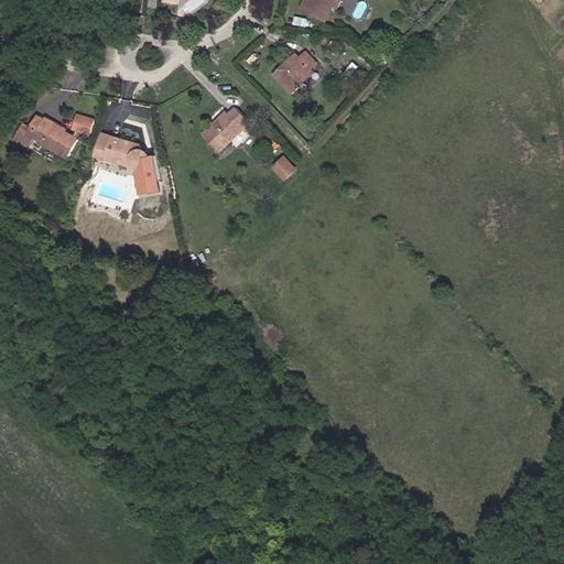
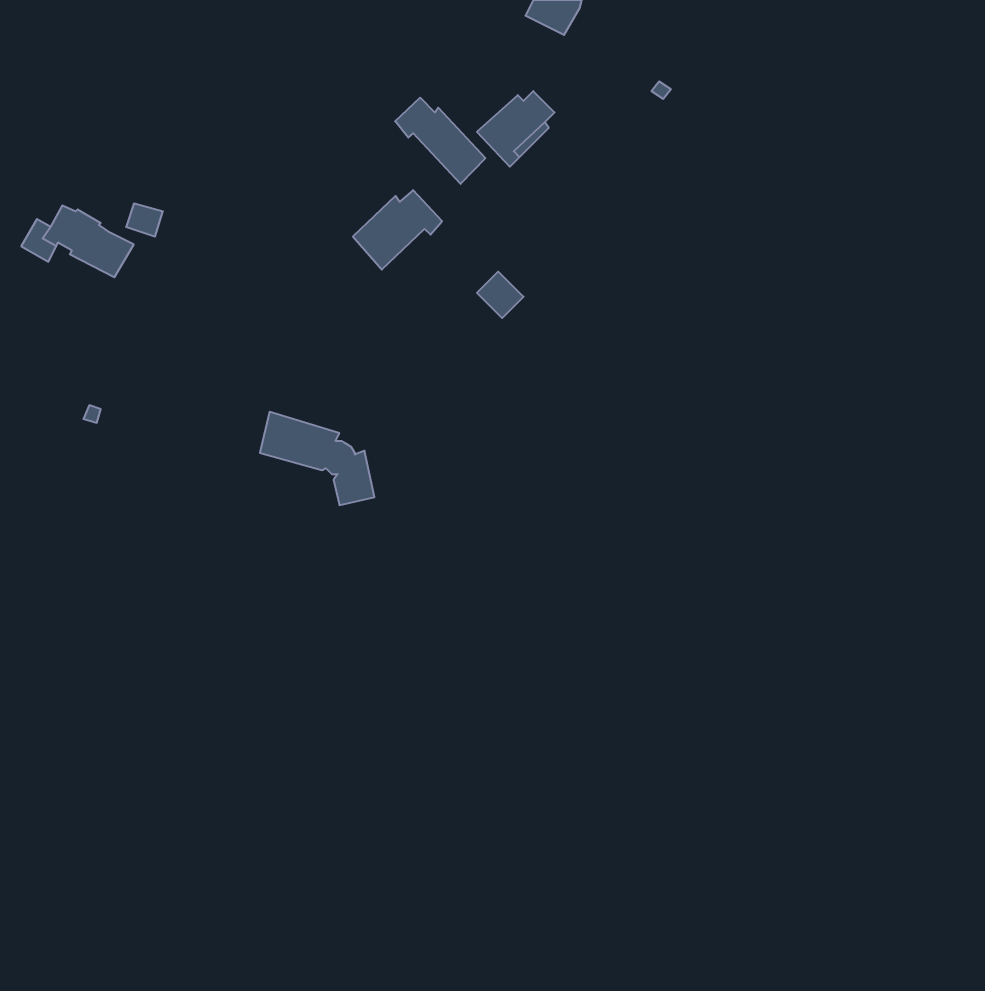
building: none -> [395,98,485,184]
building: [94,133,159,186] -> [260,412,374,505]

